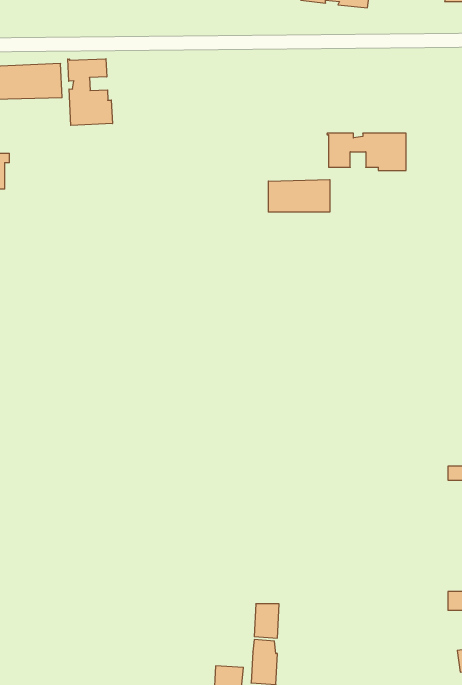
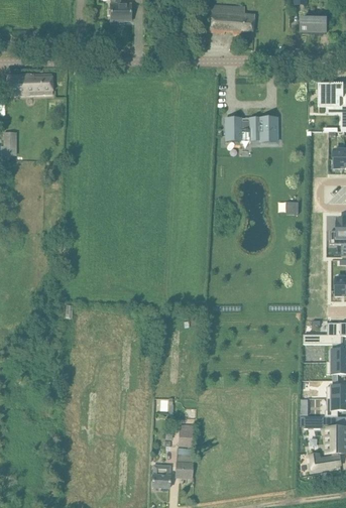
building: [68,59,112,125] -> none
building: [268,180,330,212] -> none

